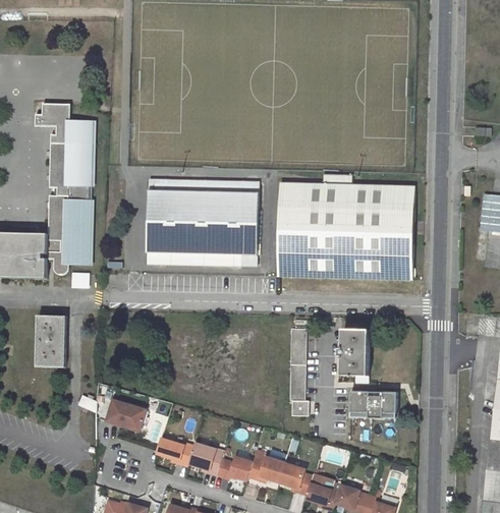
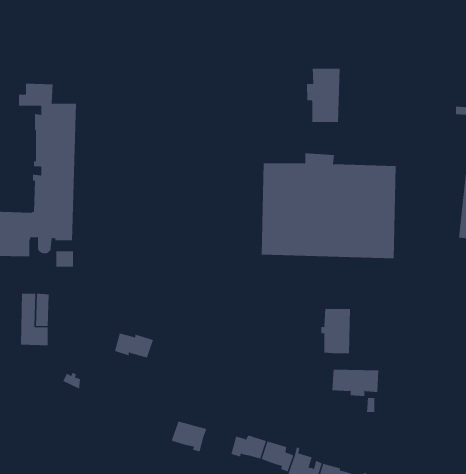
building: none -> [306,68,340,123]
building: [147,179,259,266] -> none
building: [281,328,309,415] -> none
building: [107,402,147,427] -> [114,333,154,358]
building: [157,439,193,465] -> none
building: [217,457,252,479] -> none

